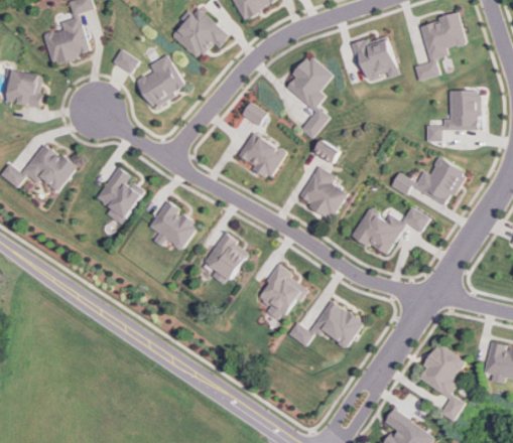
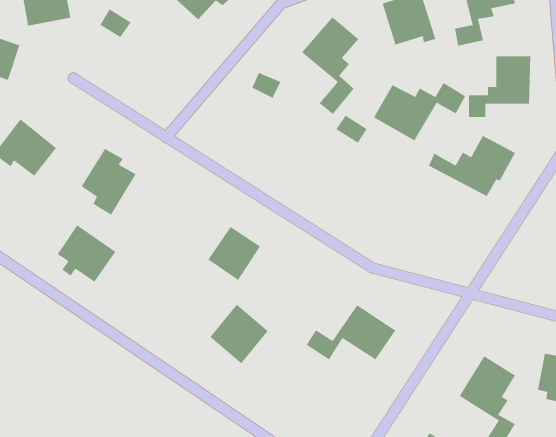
building: [136,54,185,108] -> none
building: [237,131,285,179] -> none
building: [298,165,347,219] -> none
building: [148,201,199,251] -> [57,225,116,283]
building: [351,205,429,256] -> [373,82,466,141]
building: [257,266,307,317] -> [209,304,269,364]

